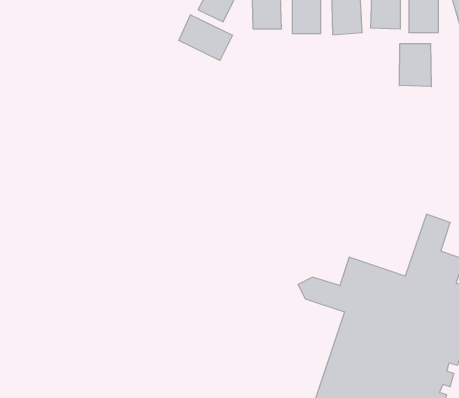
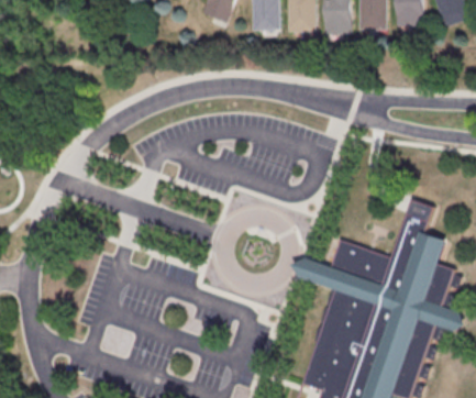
building: [179,15,233,60] -> none
building: [399,44,431,87] -> none

